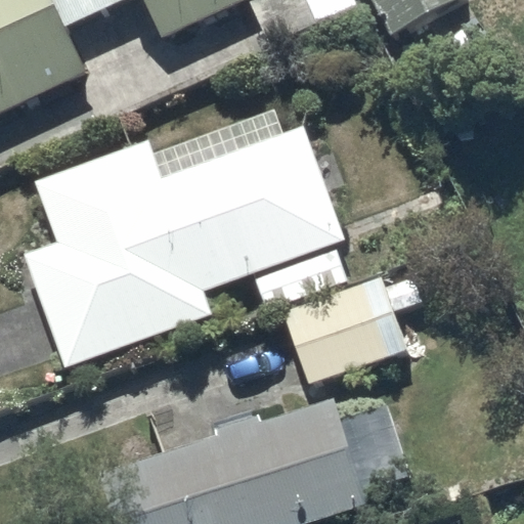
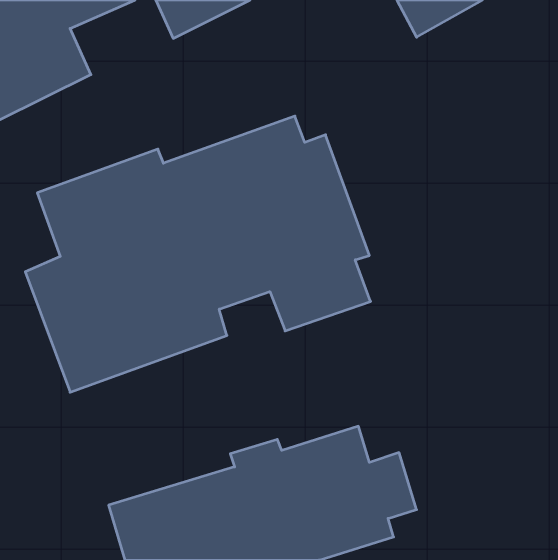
building: [281,272,422,387] -> none

